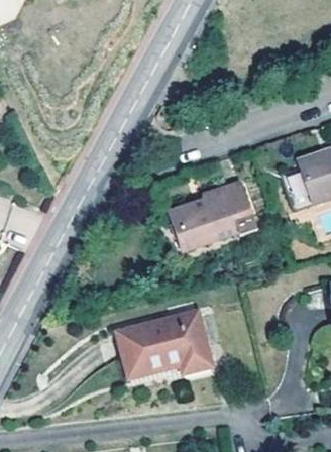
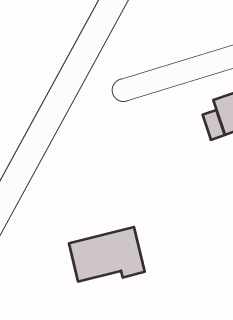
building: [166,178,247,245] -> none

